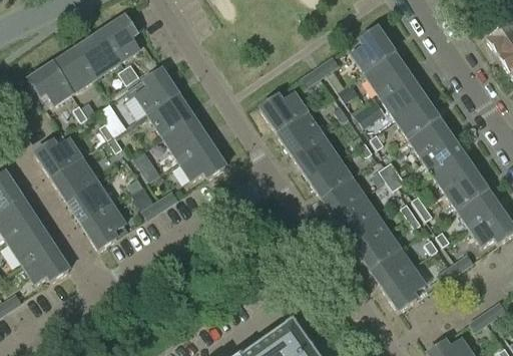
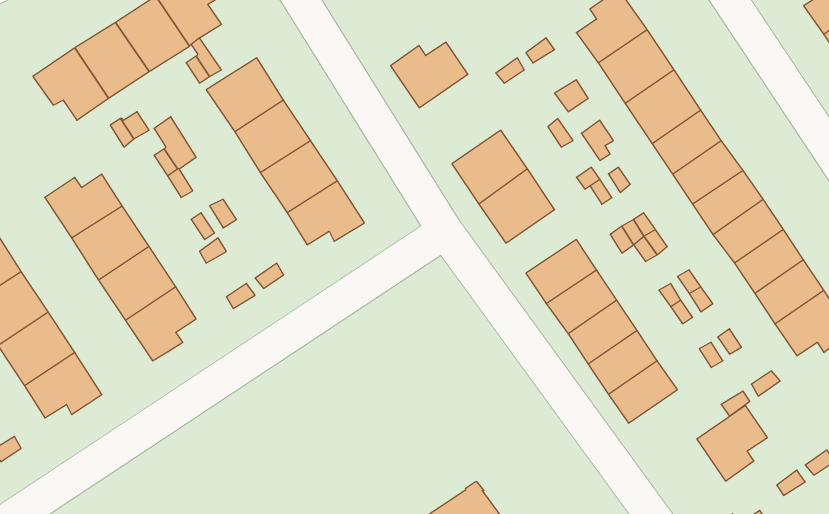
building: [261,92,307,131] -> [391,42,468,108]
building: [310,158,352,197] -> none
building: [383,266,425,311] -> [697,405,767,481]

